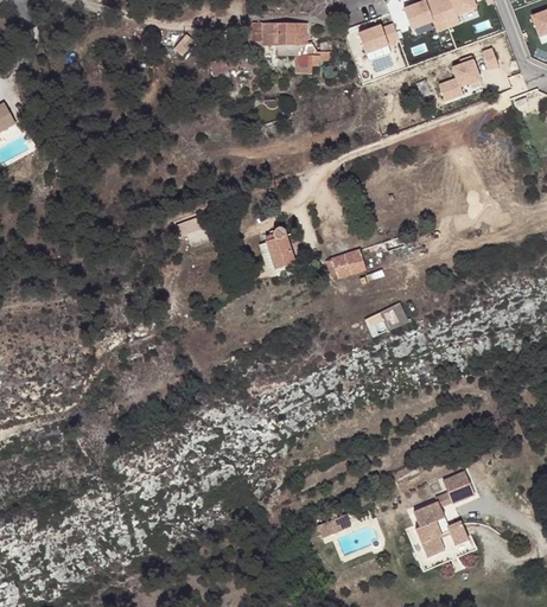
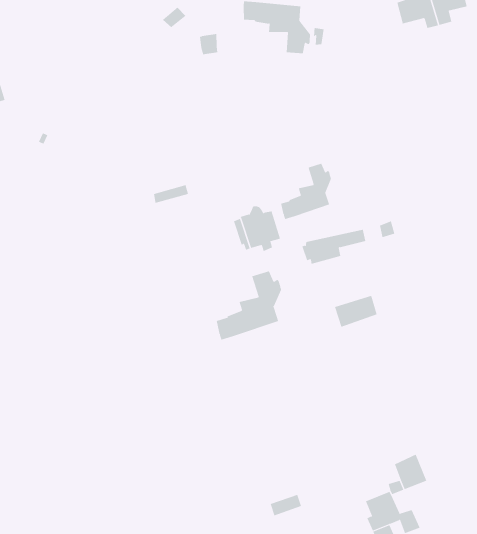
building: [362,24,401,59] -> none
building: [439,63,484,104] -> none
building: none -> [281,163,332,220]
building: none -> [216,270,282,341]

